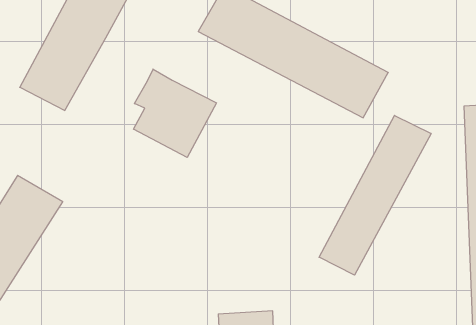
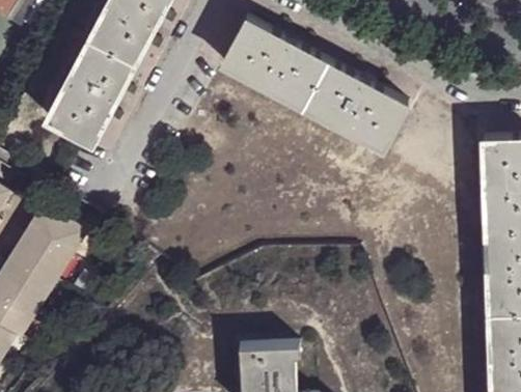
building: [134,69,216,157] -> none
building: [319,115,431,275] -> none

